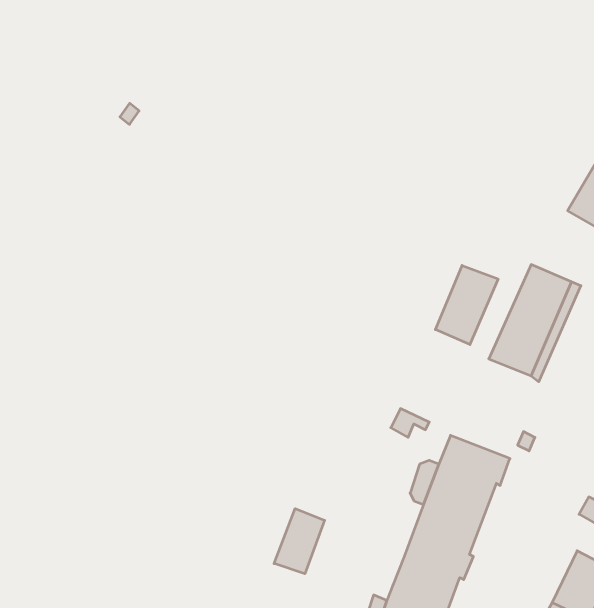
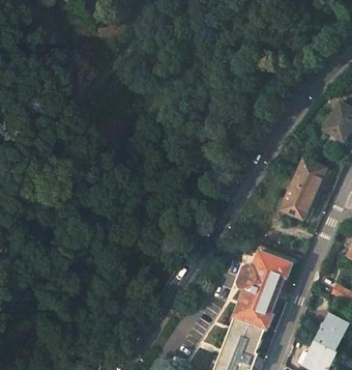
building: [435,265,498,345] -> none
building: [274,509,325,574] -> none

